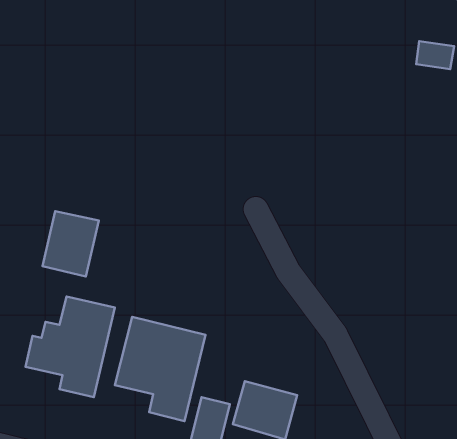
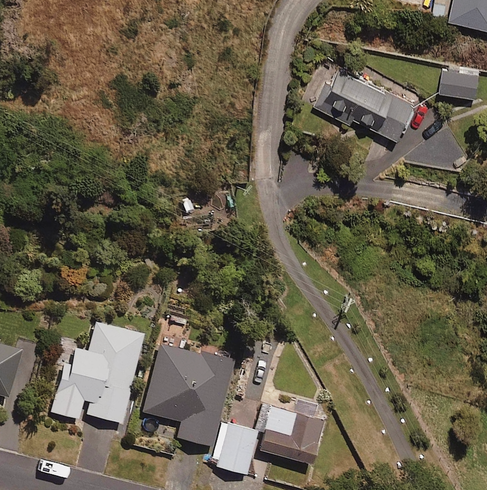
building: none -> [315,69,415,139]
building: [42,211,99,277] -> none

